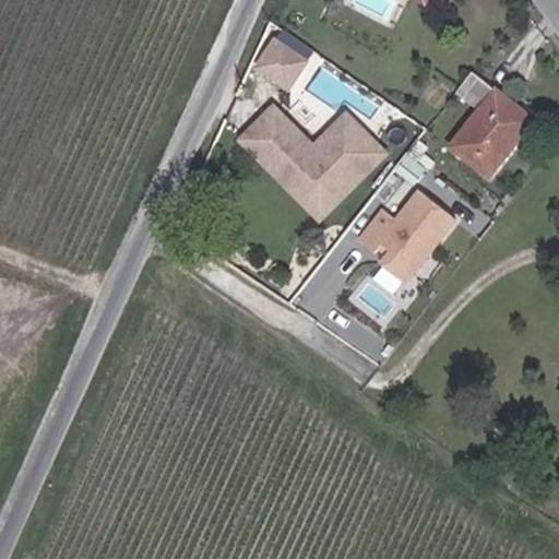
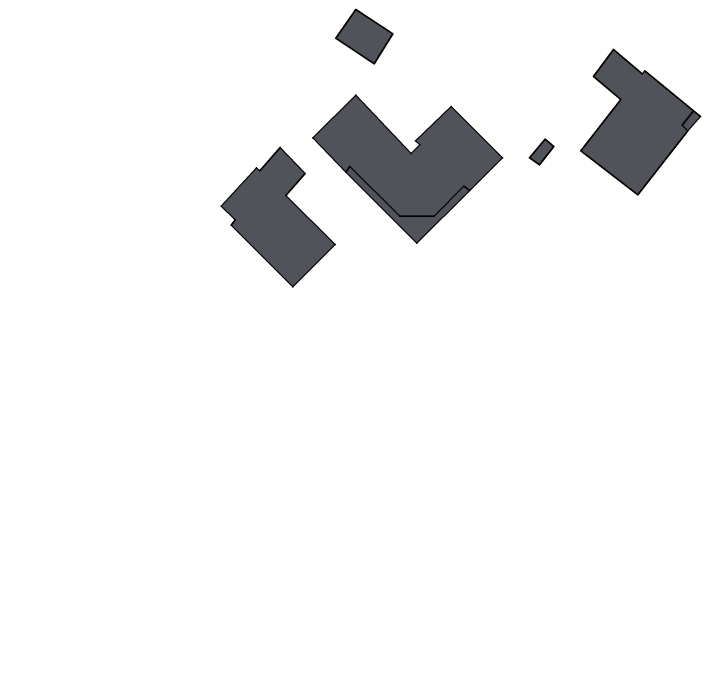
building: none -> [221,148,335,287]
building: [358,190,453,282] -> none

